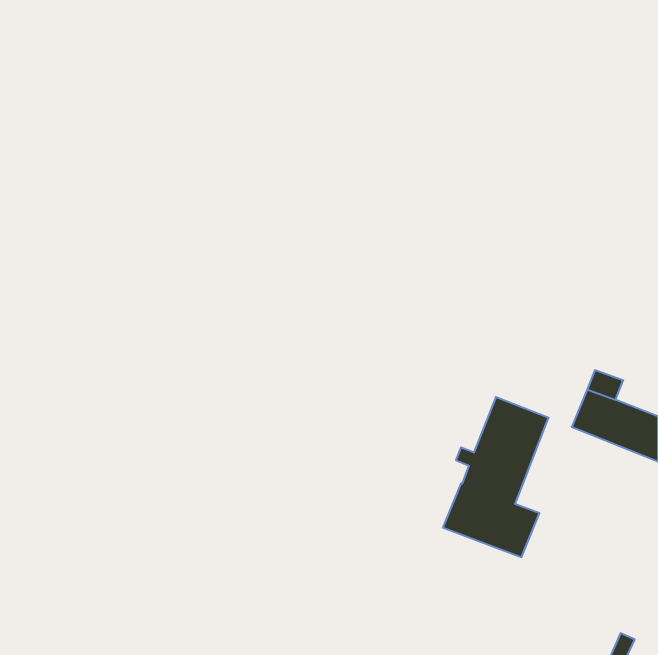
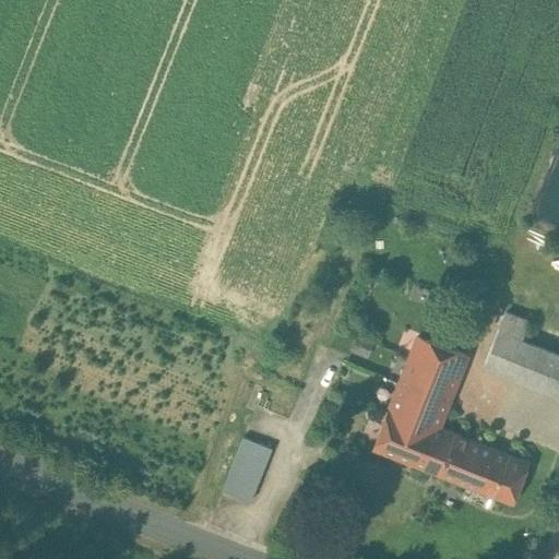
building: none -> [442,438,527,503]
building: none -> [223,440,272,504]

